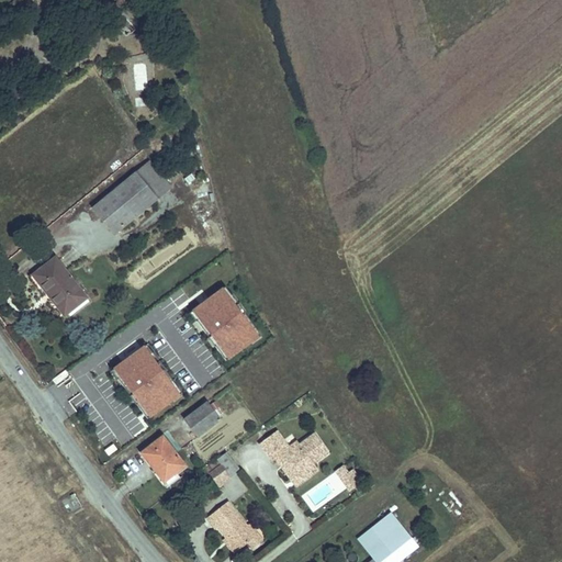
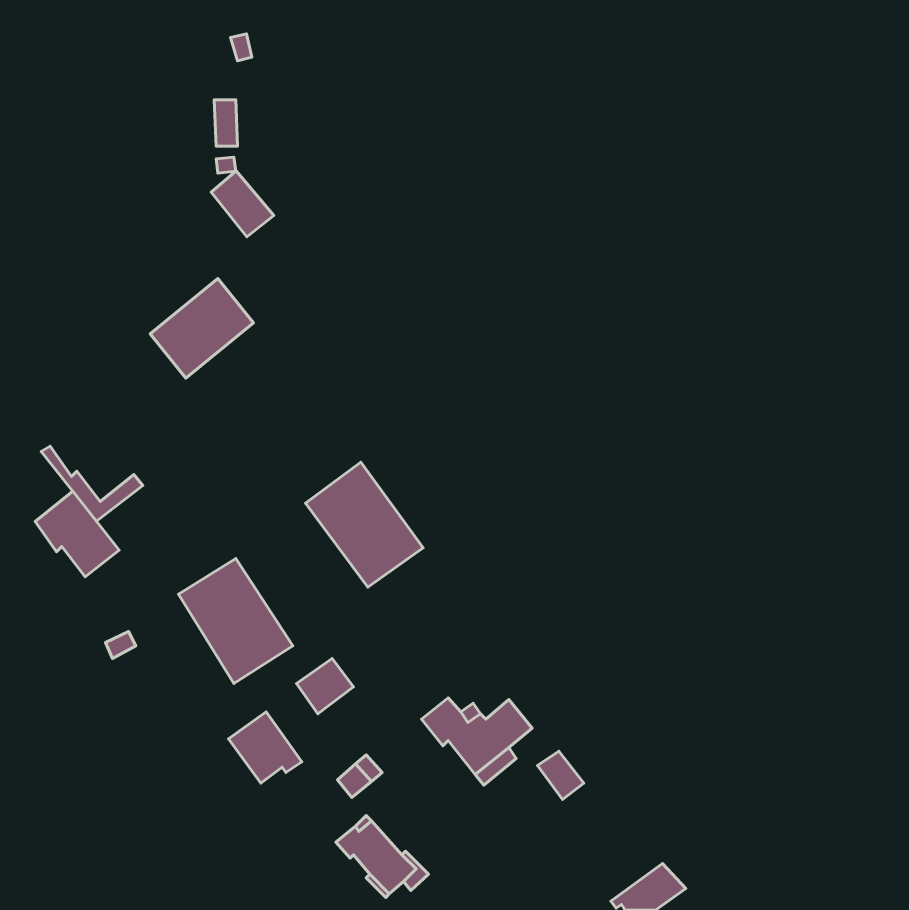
building: [134,158,172,199] -> [211,171,274,237]
building: [31,256,82,308] -> [35,491,119,577]
building: [363,514,407,554] -> none

